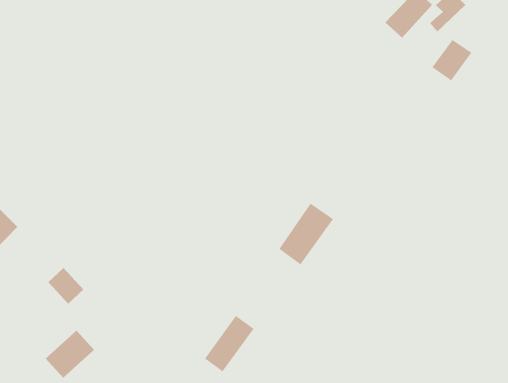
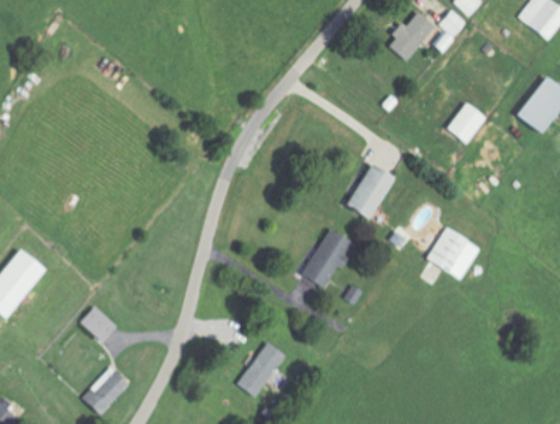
building: [432,39,472,81] -> [447,102,485,143]
building: none -> [348,163,395,219]
building: none -> [424,226,478,279]

